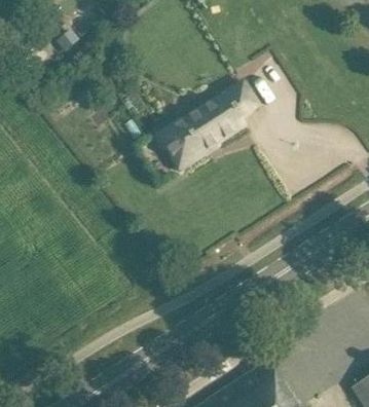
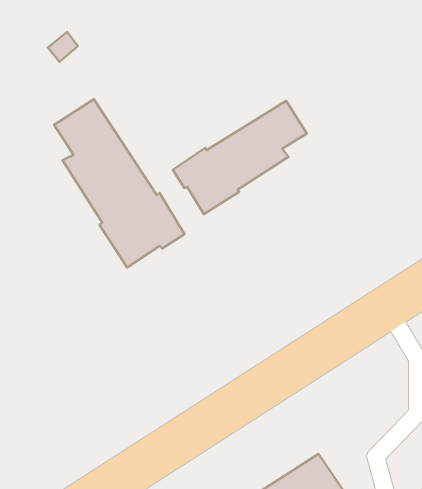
building: none -> [54,99,185,267]

